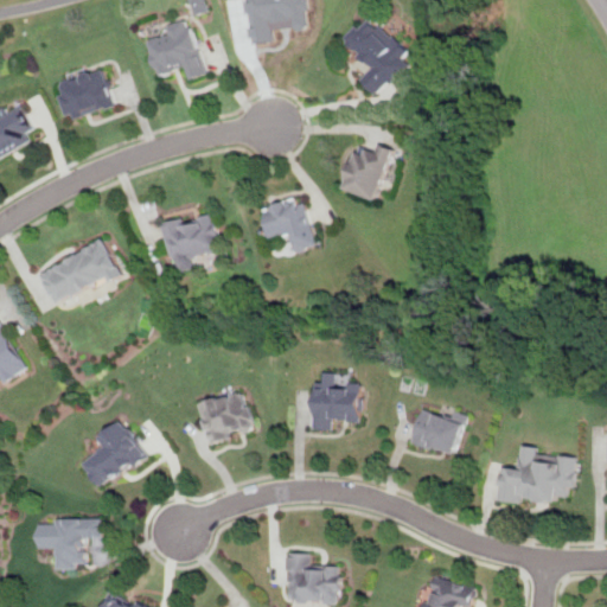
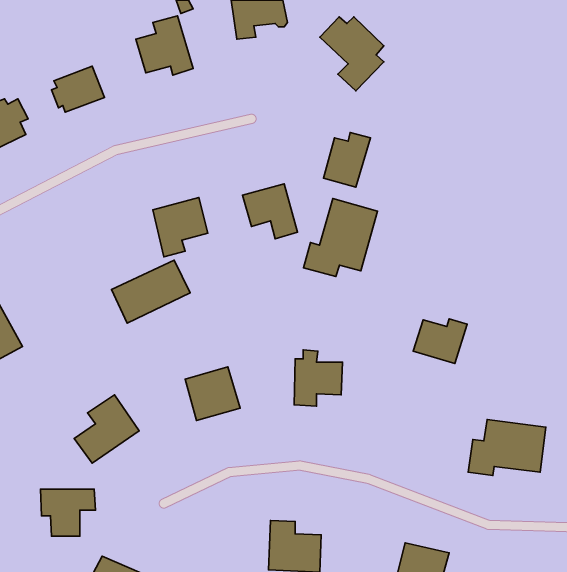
building: none -> [304,198,377,277]
building: [38,239,121,306] -> [111,260,190,323]
building: [408,409,465,456] -> [413,319,467,364]

